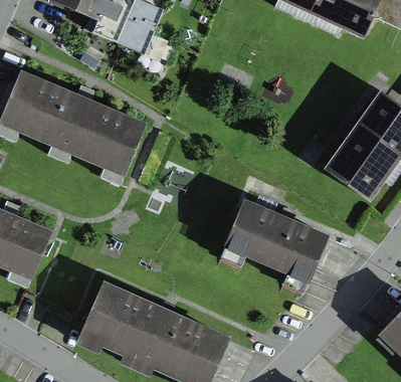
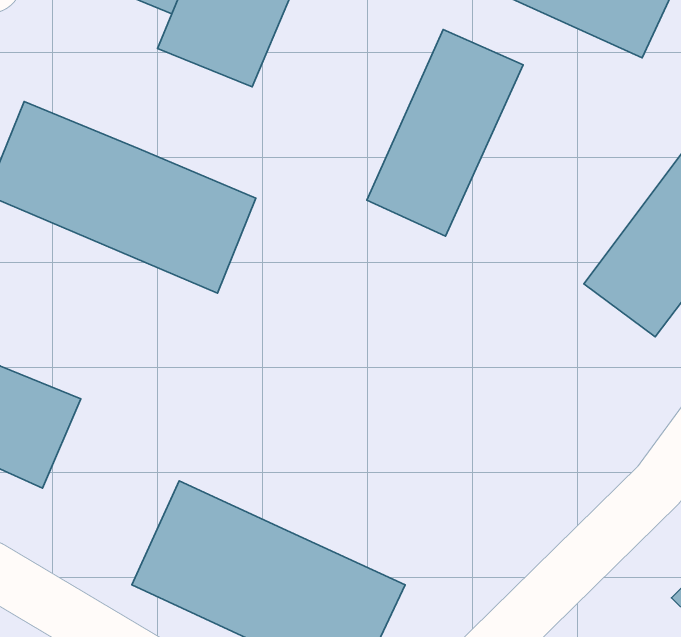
building: none -> [367,29,523,236]
building: [230,205,326,284] -> none

